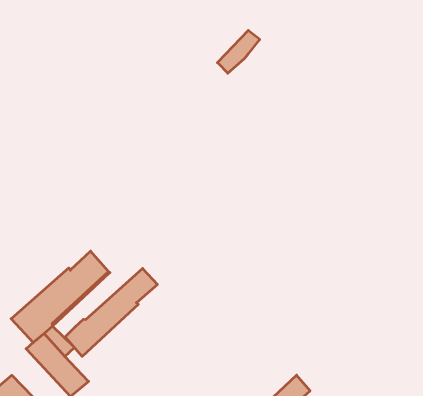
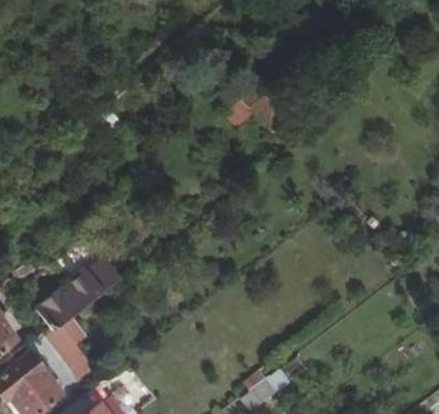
building: [65,268,157,356] -> none

